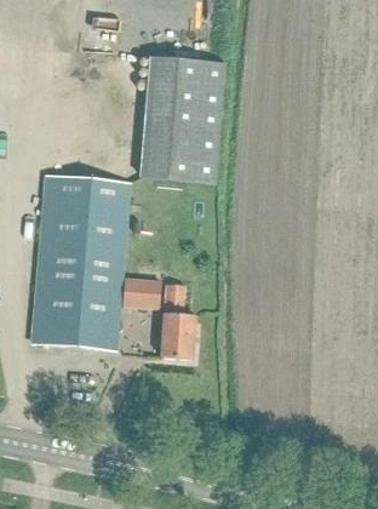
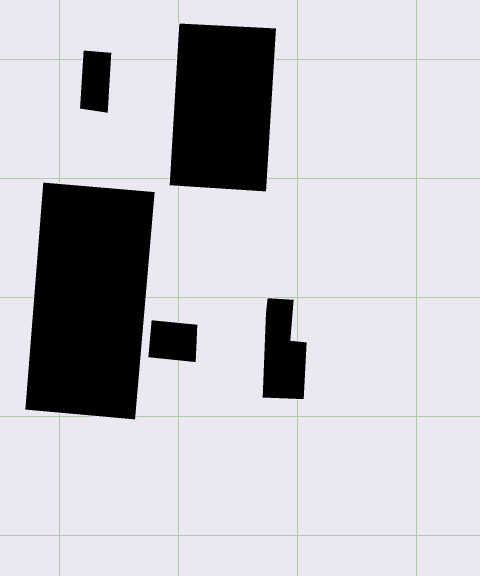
building: none -> [80,50,112,113]
building: [162,282,196,358] -> [262,298,308,400]

